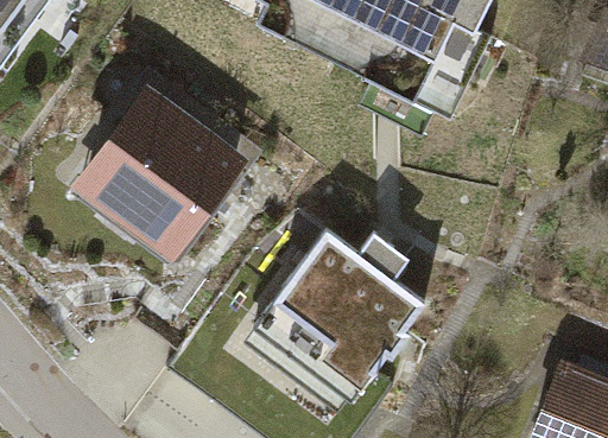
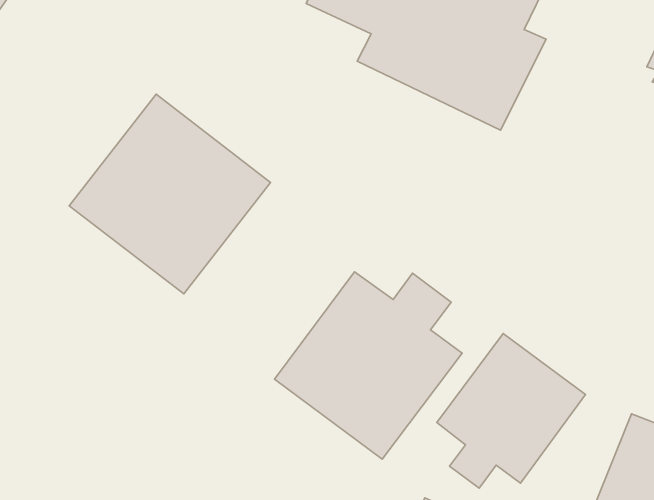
building: none -> [437,333,586,488]

